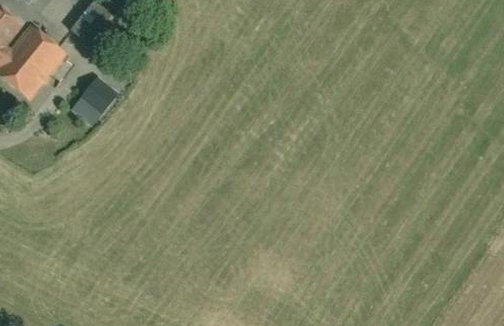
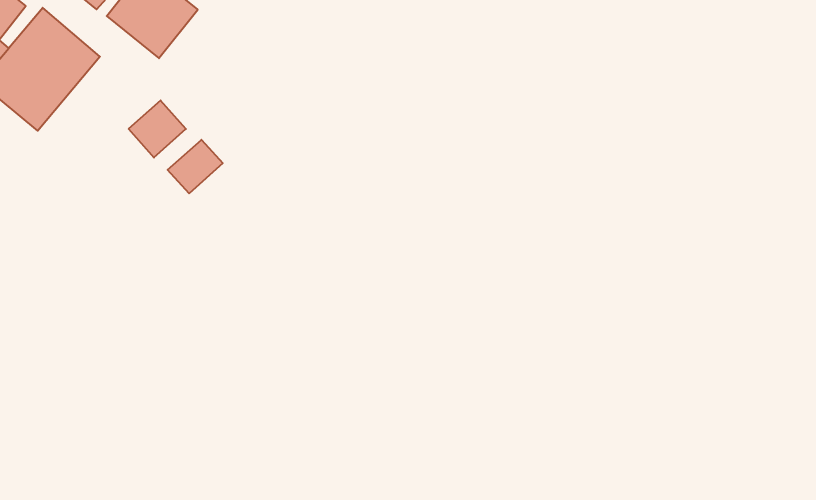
building: none -> [168,140,223,193]

